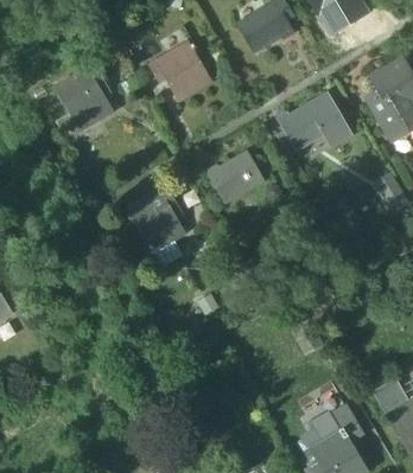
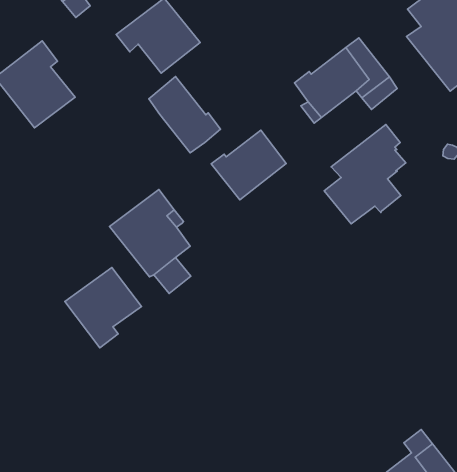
building: none -> [149,76,221,153]
building: none -> [324,124,406,224]
building: none -> [65,267,142,348]

